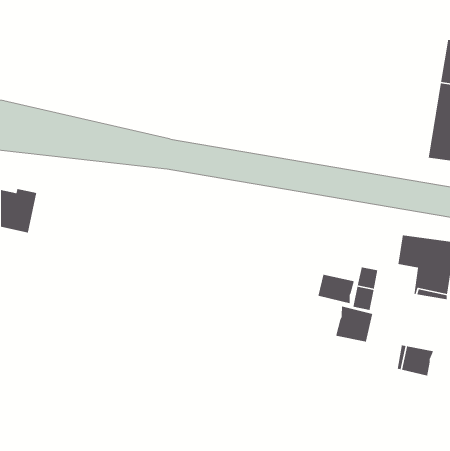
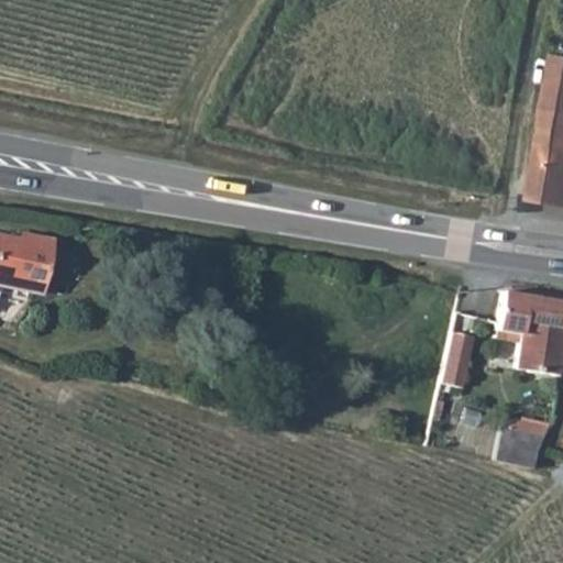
building: [318,274,355,304] -> none
building: [335,306,373,343] -> none

